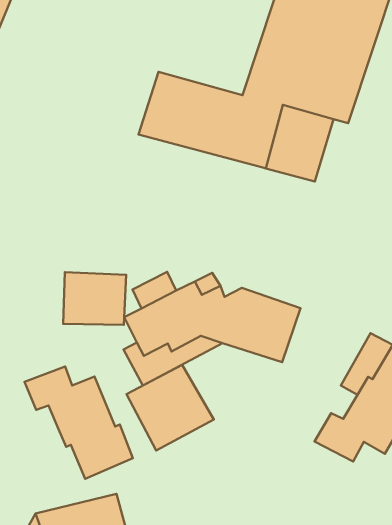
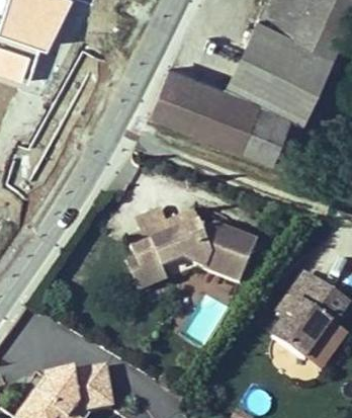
building: [63,272,126,325] -> none
building: [126,365,214,450] -> none
building: [24,367,133,479] -> none

